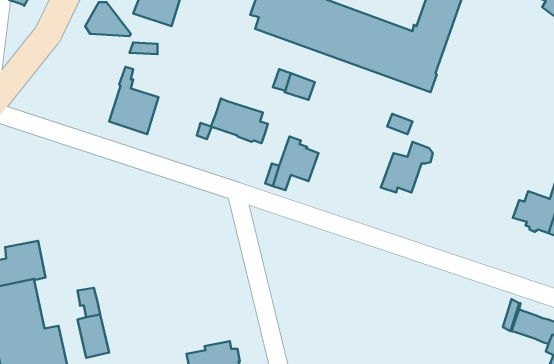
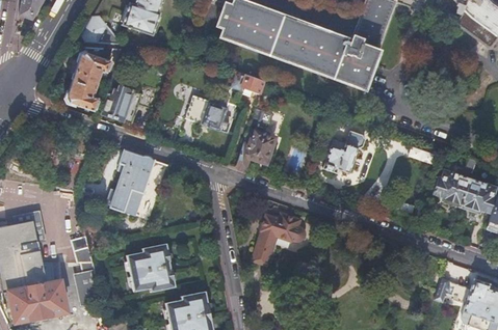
building: none -> [67,47,114,110]
building: none -> [106,149,154,215]
building: none -> [251,212,305,265]
building: none -> [125,244,174,292]

